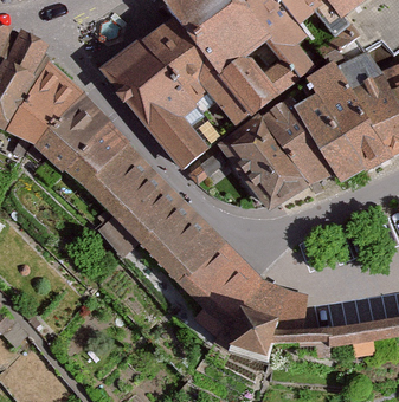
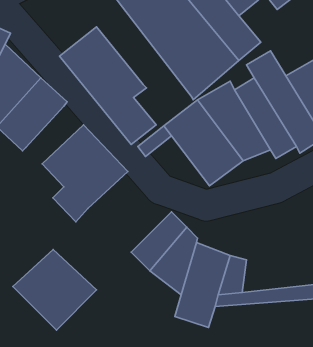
building: [142,15,246,123] -> none
building: [65,123,128,186] -> none
building: [133,194,224,281] -> [13,249,97,330]

